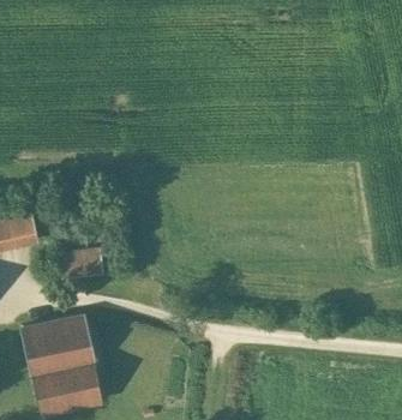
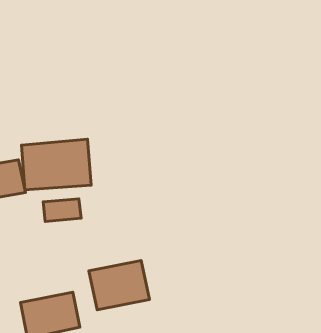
building: none -> [21,139,91,190]
building: [22,316,92,373] -> [89,261,150,310]

